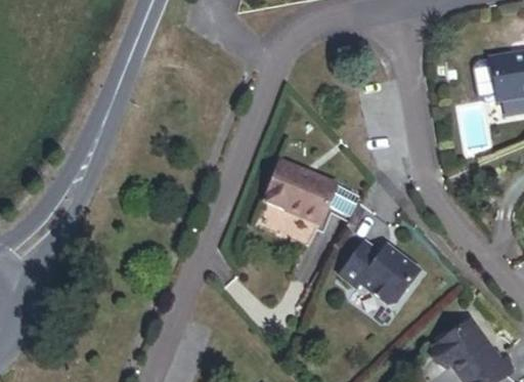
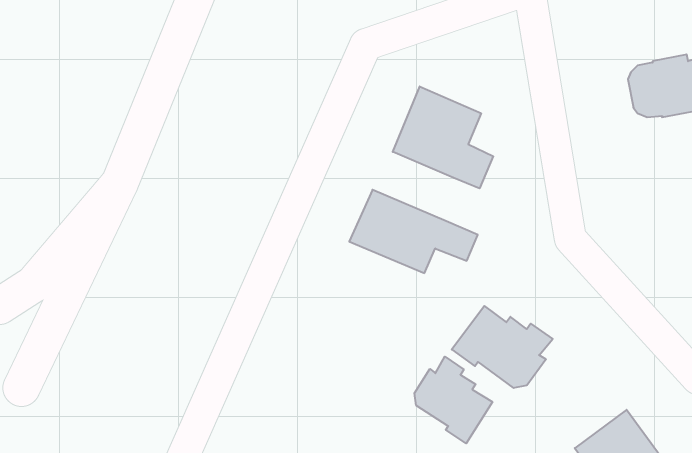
building: none -> [393,86,493,188]
building: none -> [414,357,492,443]

